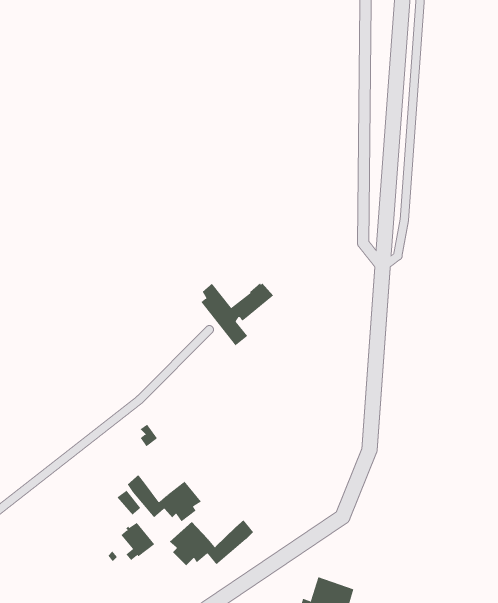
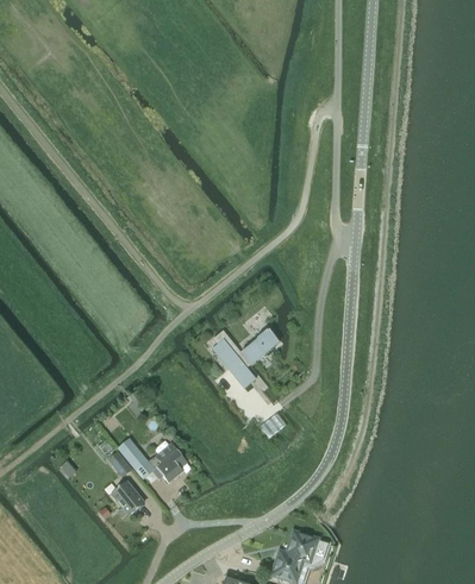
building: [200,283,274,346] -> [212,329,280,388]
building: [169,520,254,566] -> none

